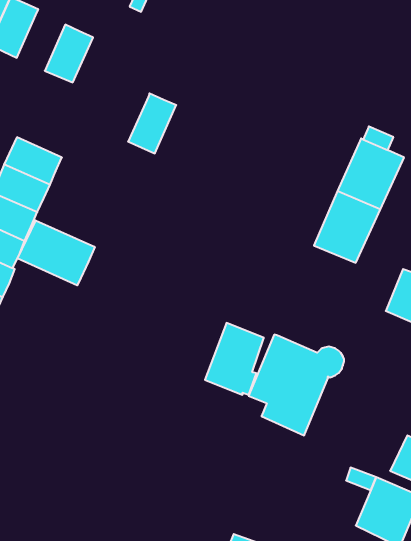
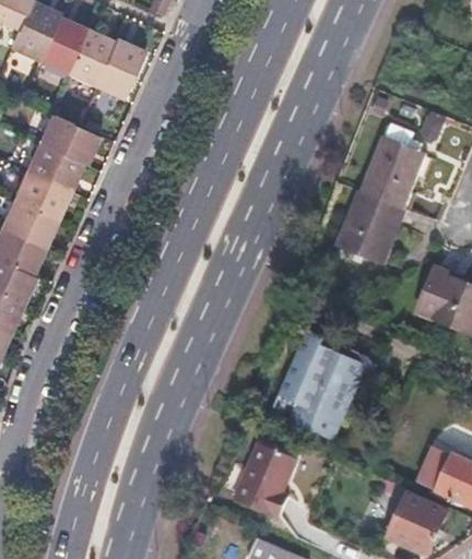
building: none -> [38,13,87,73]
building: [128,93,176,153] -> [95,36,144,97]
building: none -> [38,112,99,163]
building: [18,220,95,285] -> none
building: [205,323,264,395] -> [235,447,295,520]

